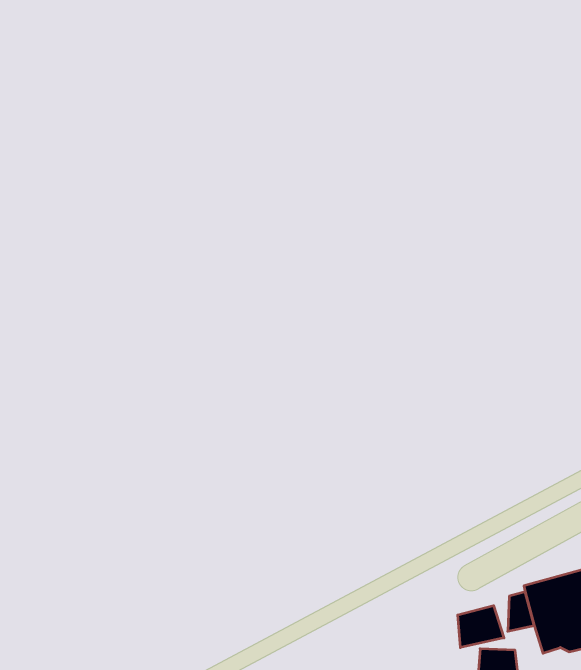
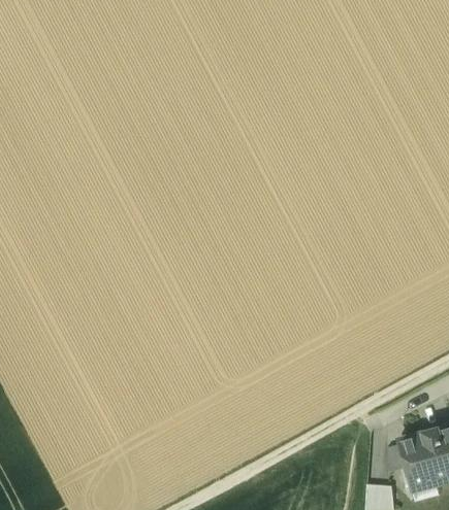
building: [458,606,504,648] -> none

